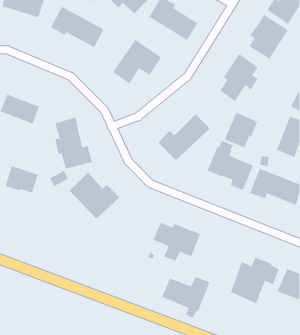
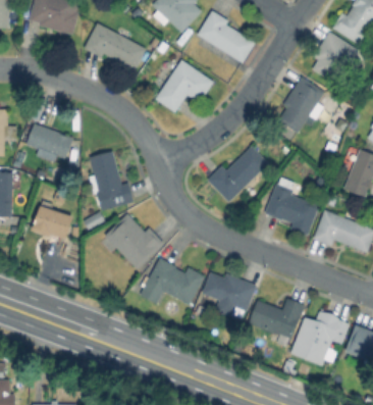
building: [224,112,258,148] -> none
building: none -> [140,258,204,305]
building: [161,276,210,318] -> [249,298,305,347]

